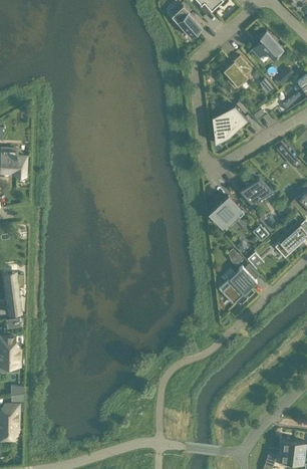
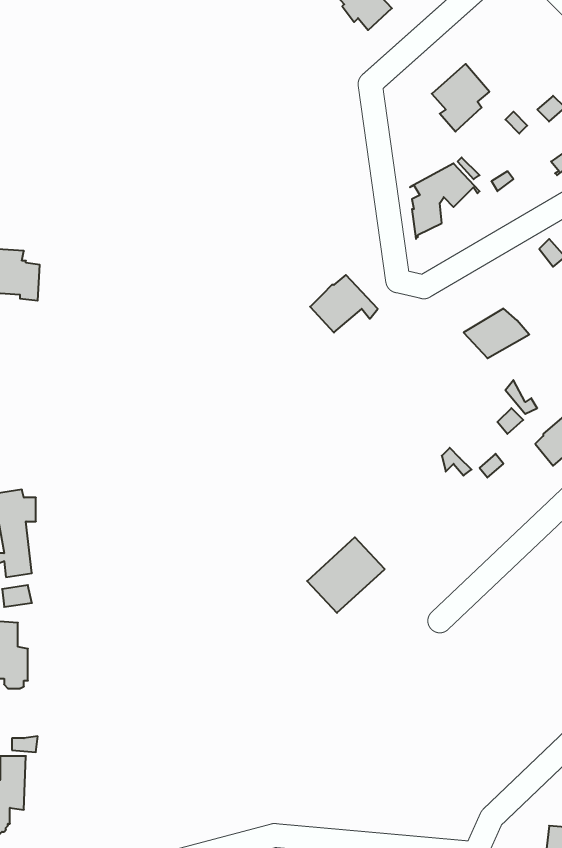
building: [251,30,283,60] -> none
building: [210,197,244,226] -> [310,275,378,333]
building: [218,266,257,304] -> [307,537,385,613]

